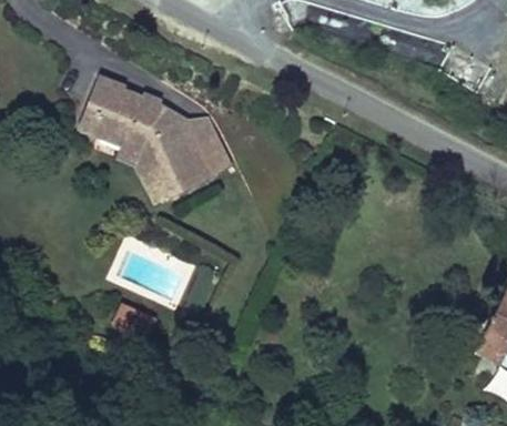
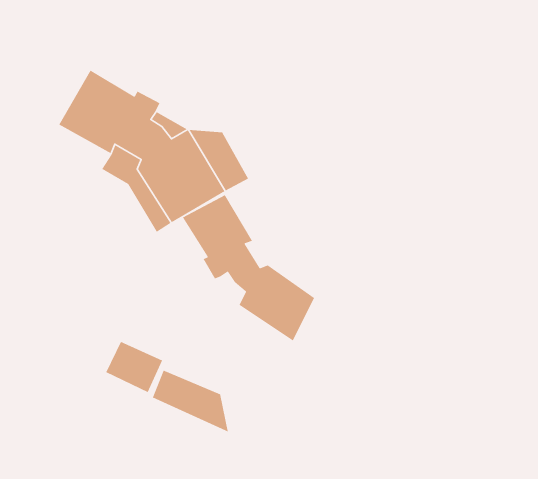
building: none -> [182,194,315,341]
building: none -> [152,369,229,433]

